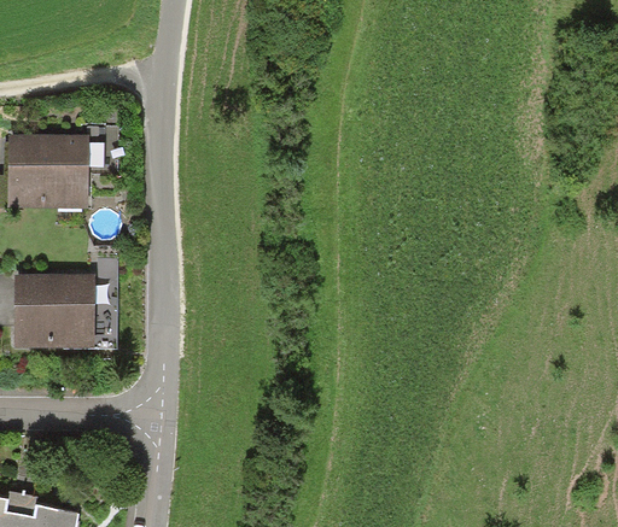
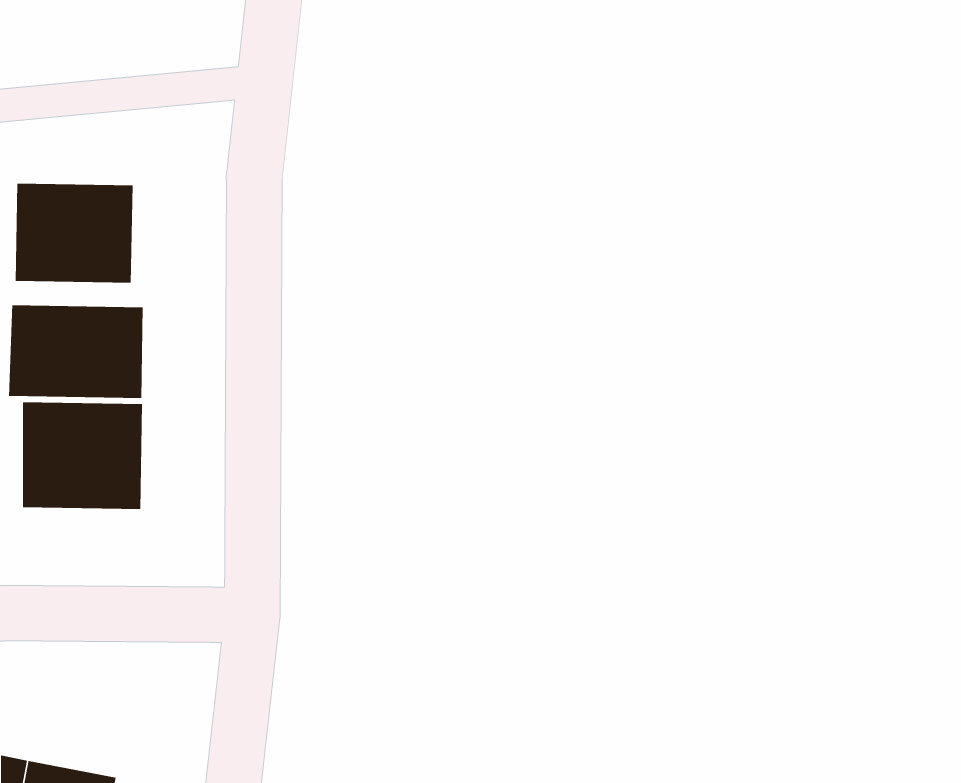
building: none -> [9,305,143,399]

